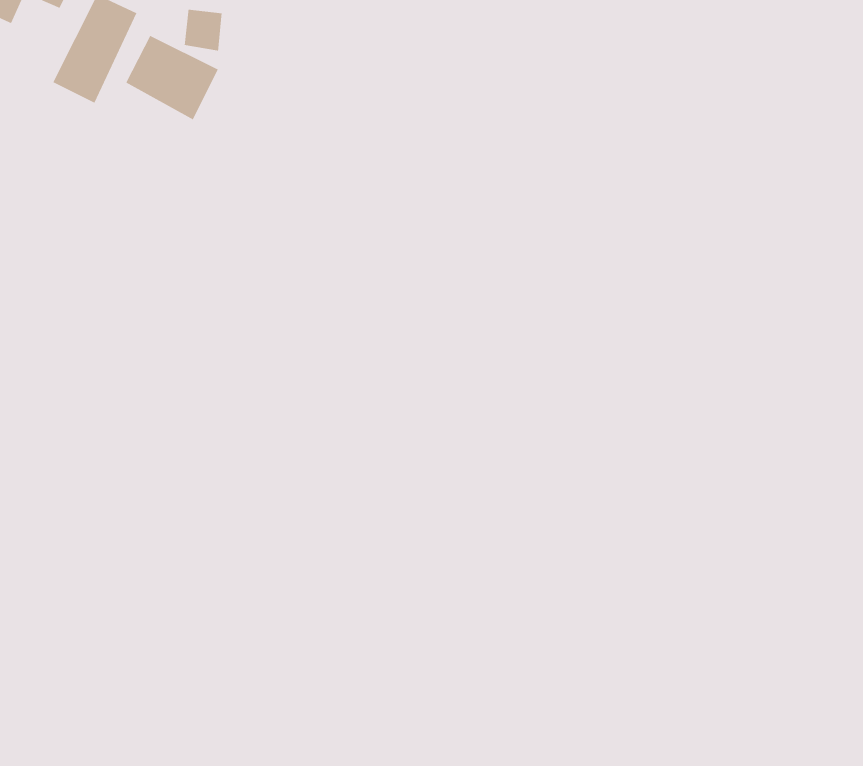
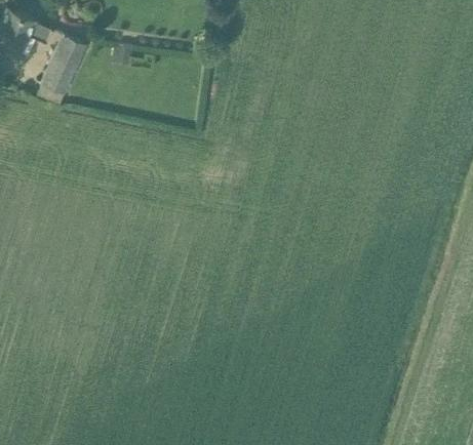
building: [125,35,219,120] -> none

